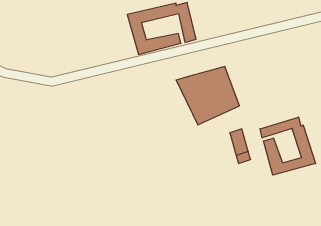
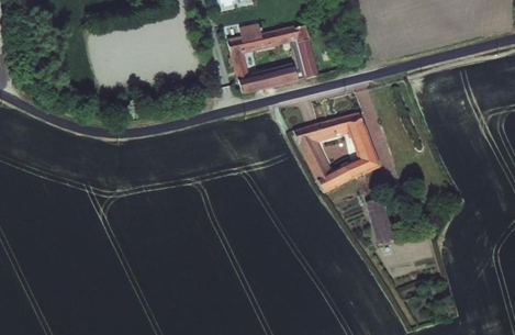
building: [260,117,316,175] -> none

